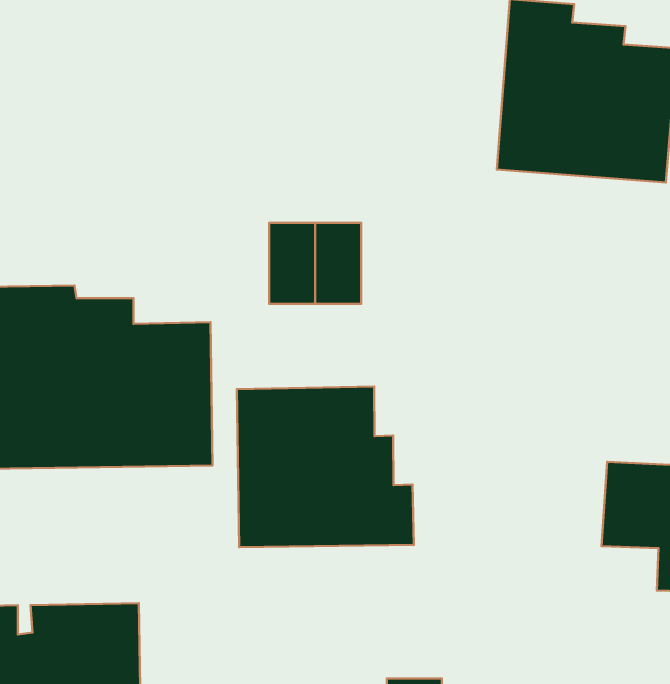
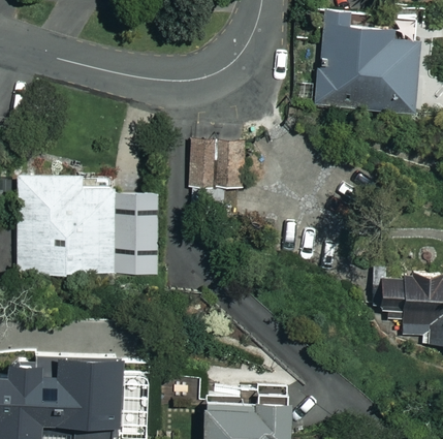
building: [237,386,414,547] -> none

